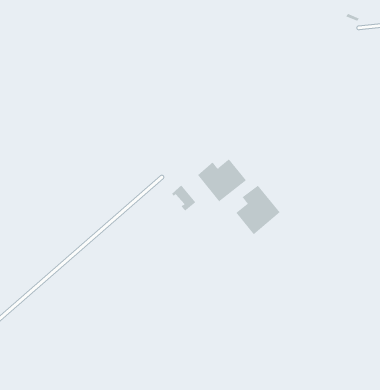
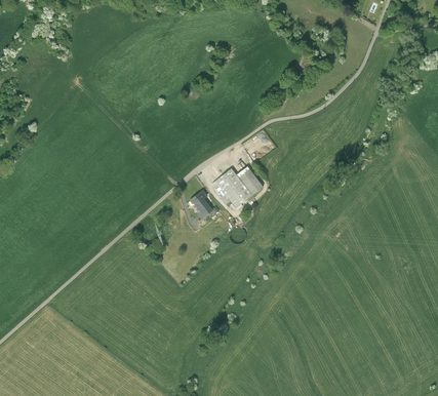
building: [236,185,280,235] -> none

